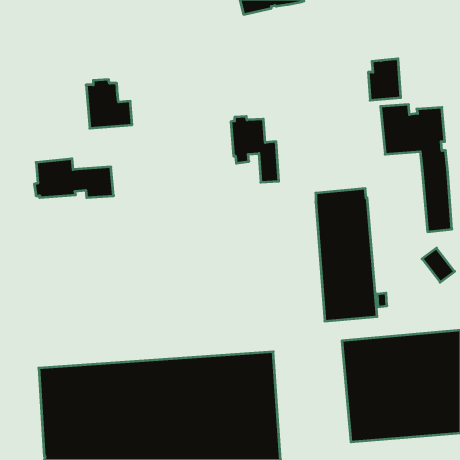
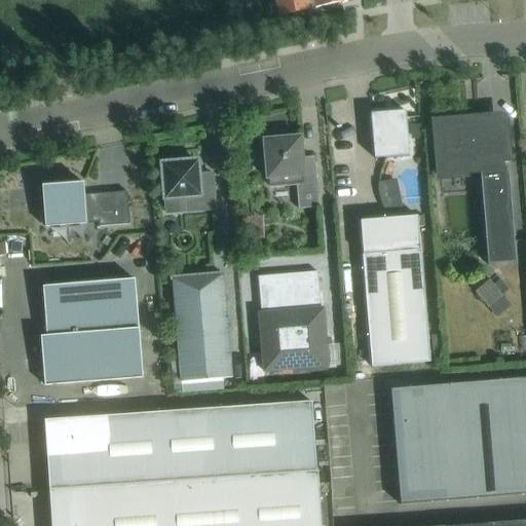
building: [368,59,401,100] -> [372,110,409,157]
building: [86,80,132,128] -> [162,156,215,212]
building: none -> [258,270,328,370]
building: none -> [172,271,232,381]
building: none -> [41,278,143,384]

